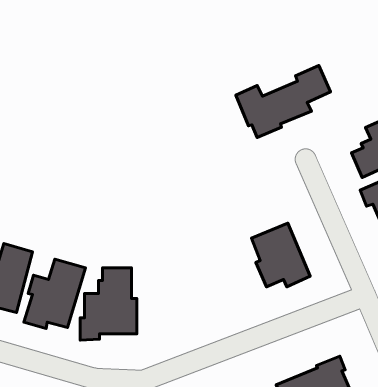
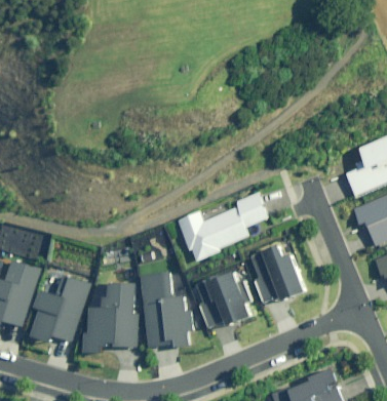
building: [236,65,331,138] -> [176,192,267,262]
building: none -> [198,273,251,329]
building: none -> [139,275,189,348]

